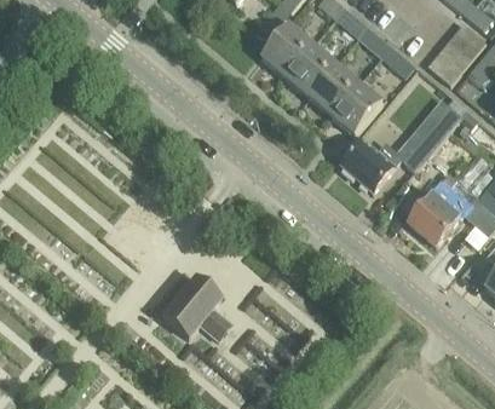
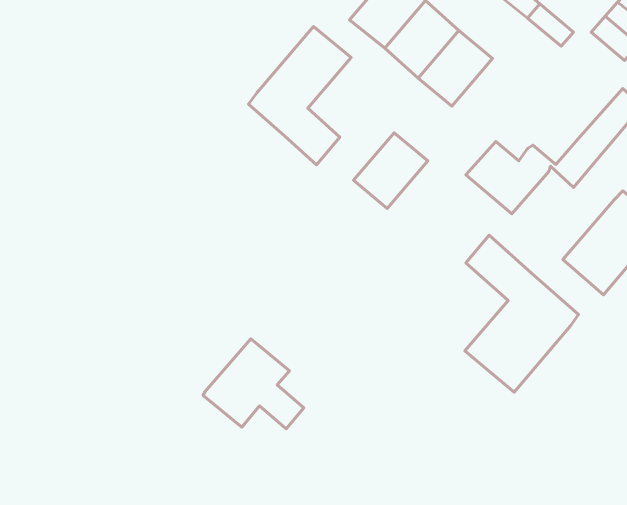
building: none -> [249,26,351,165]
building: [329,82,380,134] -> [354,133,428,209]
building: none -> [465,235,579,392]

